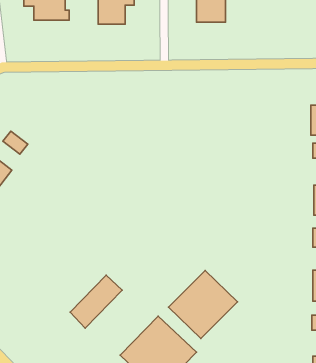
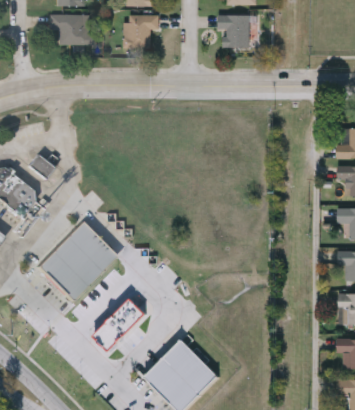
building: none -> [38,222,118,302]
building: [168,270,238,339] -> none

